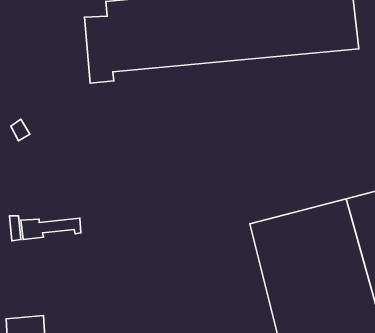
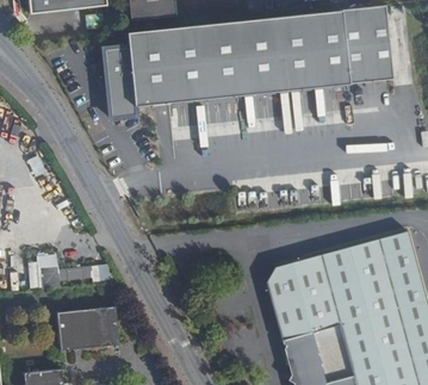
building: none -> [54,300,117,346]

